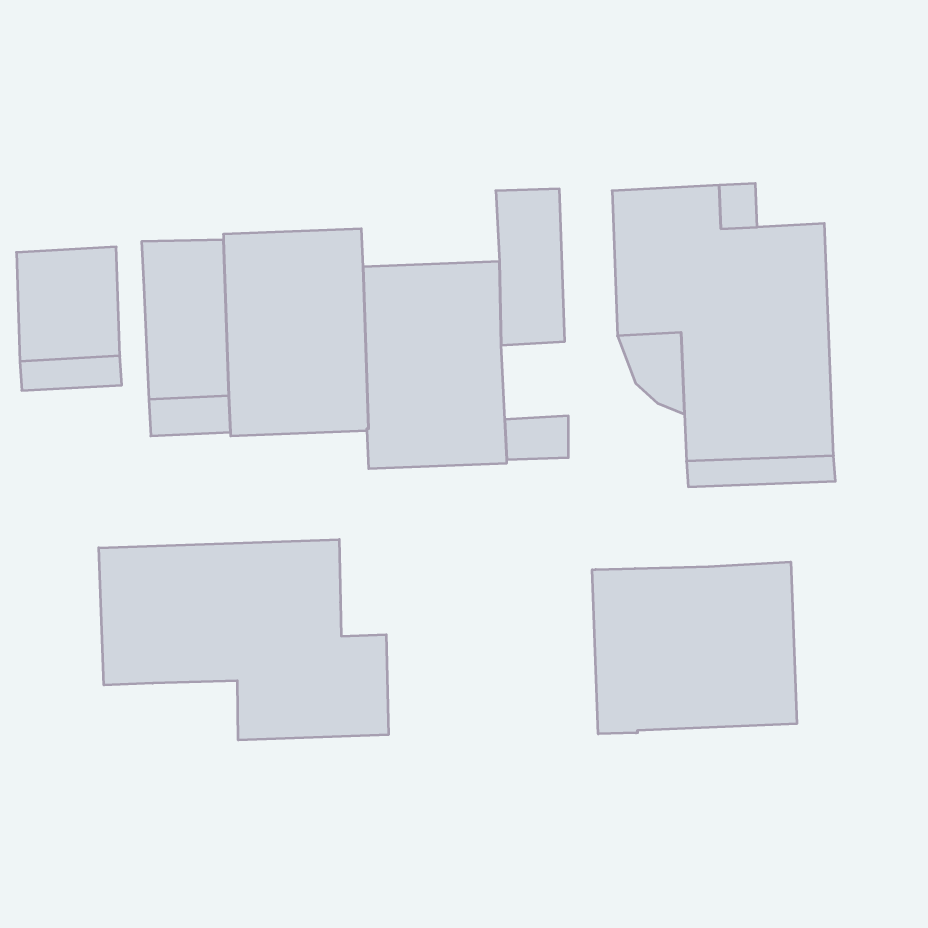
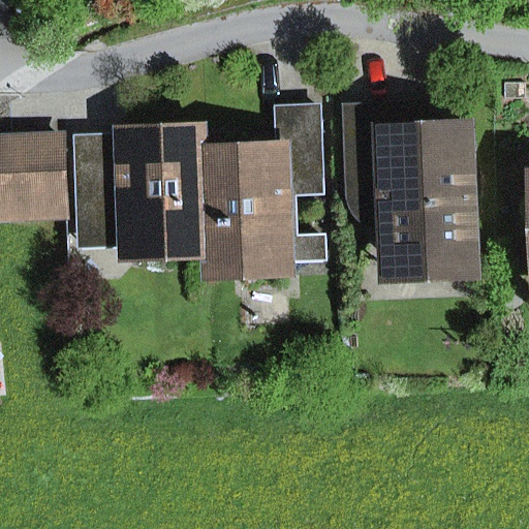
building: [99,539,388,740] -> none
building: [592,562,797,734] -> none

